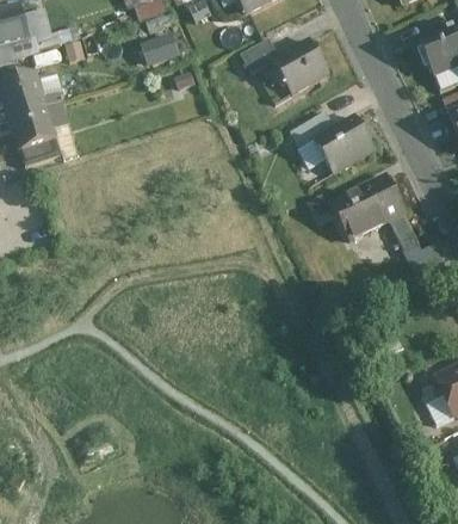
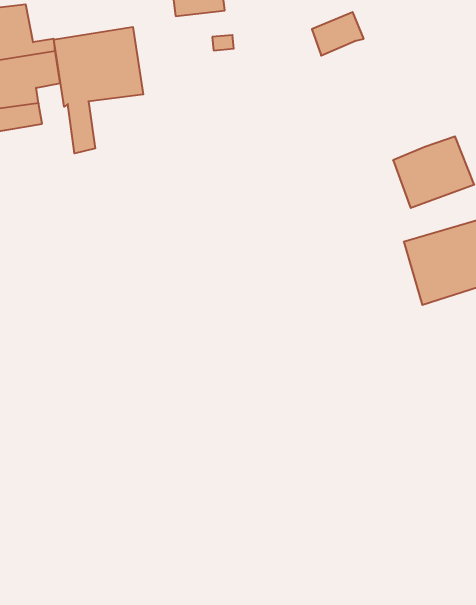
building: [276,41,329,93] -> none
building: none -> [54,27,143,153]
building: [293,111,338,148] -> none

